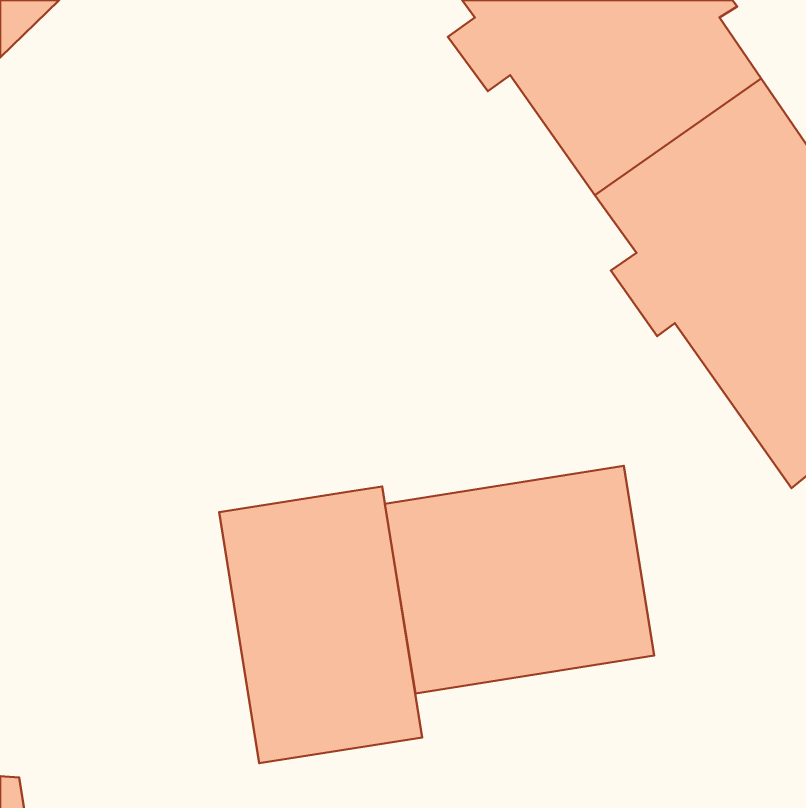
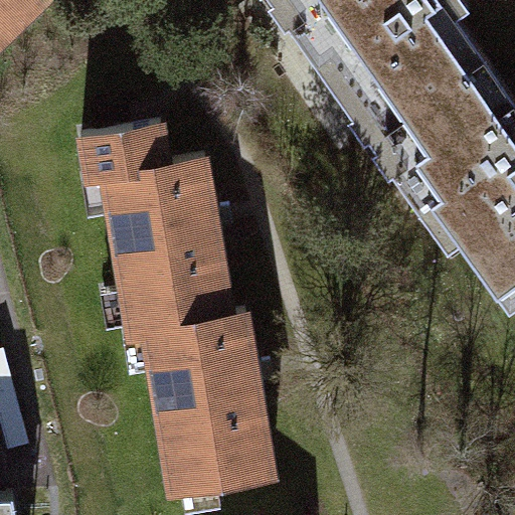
building: none -> [82,123,228,331]
building: [385,466,654,694] -> none

